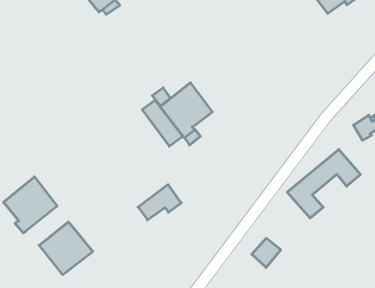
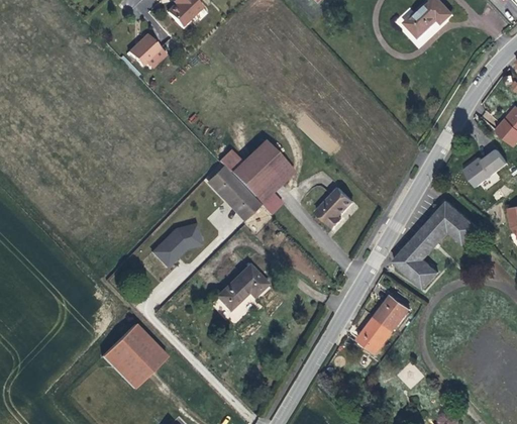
building: none -> [316,192,352,231]
building: none -> [151,223,202,267]
building: [4,177,57,233] -> none
building: none -> [375,292,410,328]

